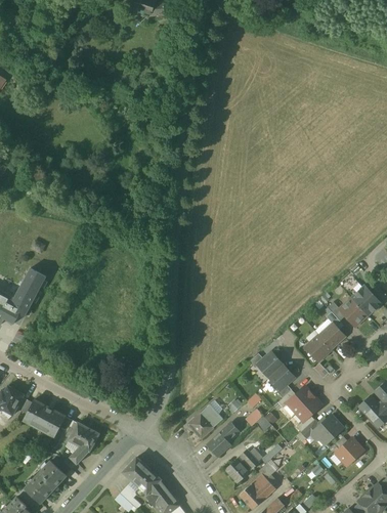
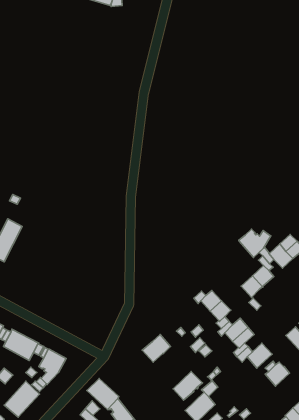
building: none -> [239,229,271,257]
building: [207,423,240,458] -> none

